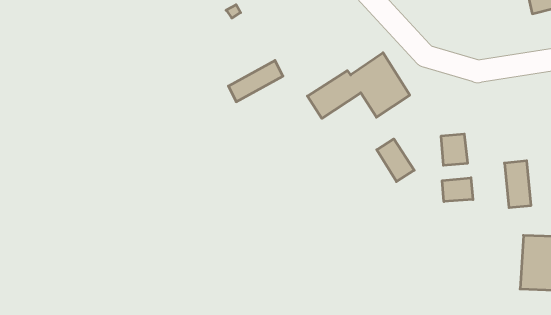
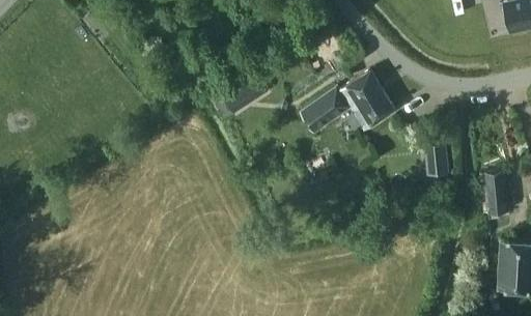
building: [377,139,414,182] -> none
building: [442,178,473,202] -> none

